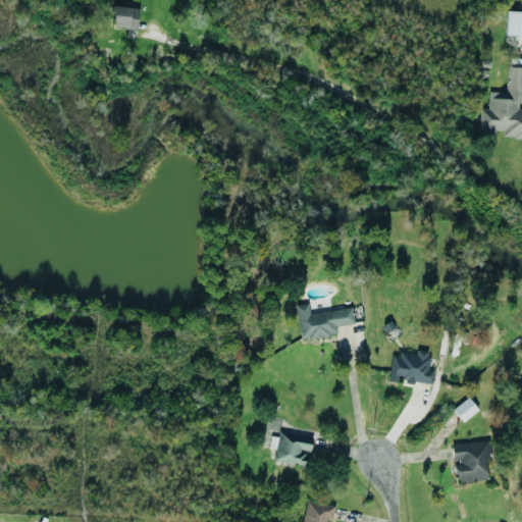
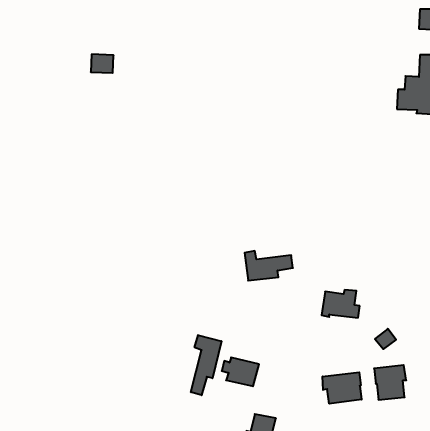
building: [113,7,141,30] -> [91,54,114,73]
building: none -> [191,335,221,395]
building: none -> [323,372,362,404]

